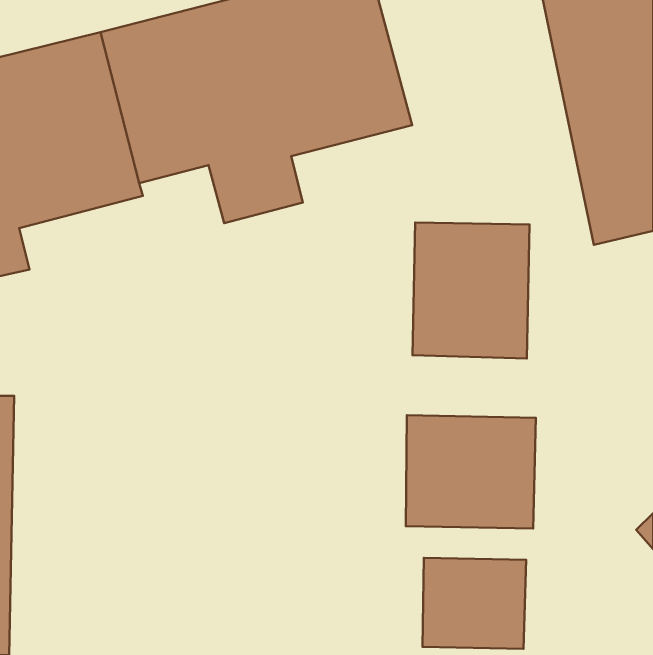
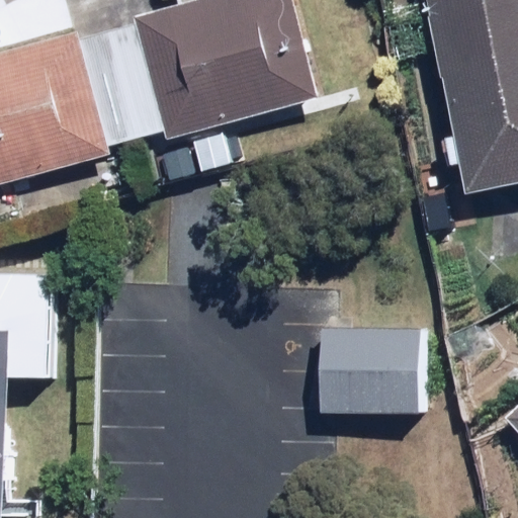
building: [413,222,530,358] -> none
building: [422,558,526,649] -> none

